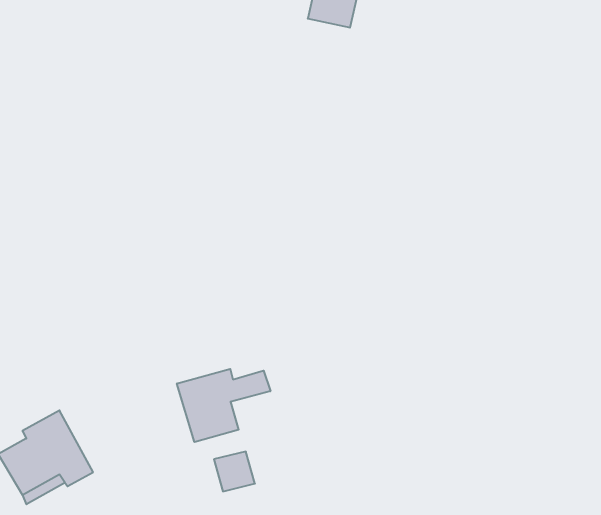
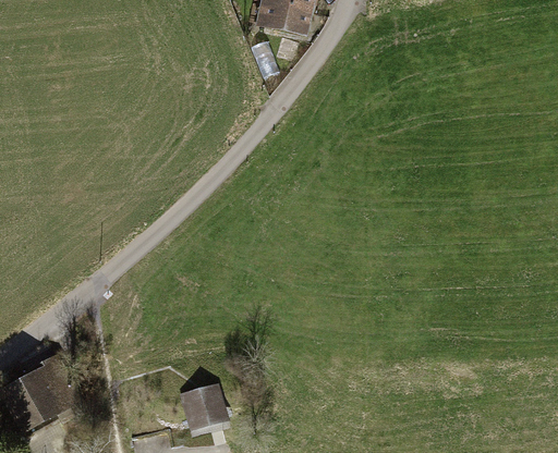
building: [177,369,270,442] -> none

